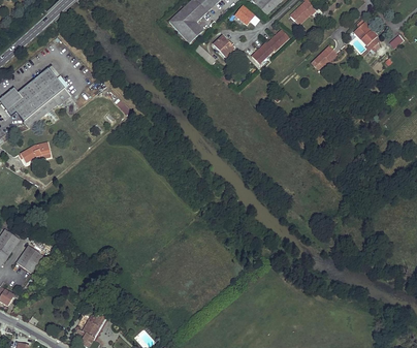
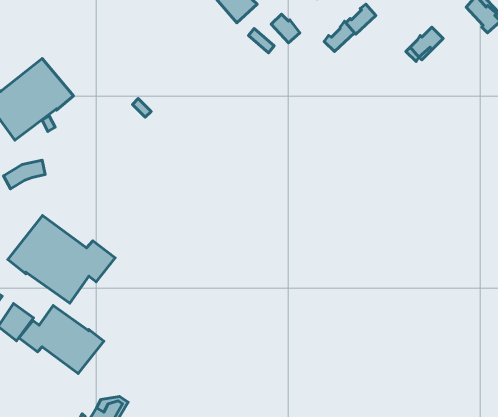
building: none -> [8,215,115,303]
building: none -> [19,305,104,374]

